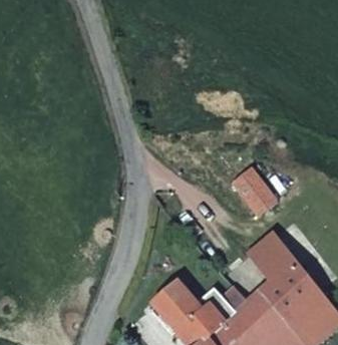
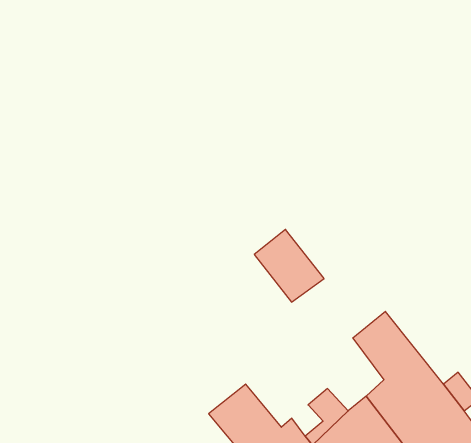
building: [232,166,279,216] -> [254,229,324,302]

